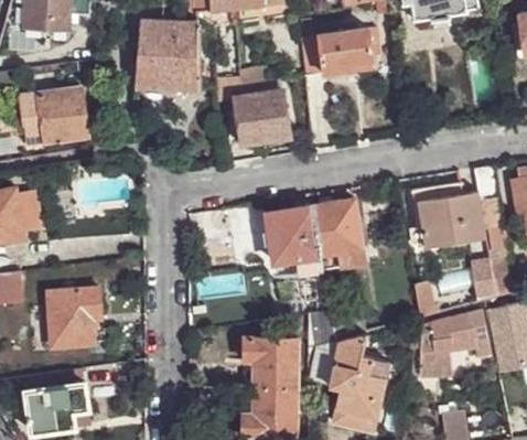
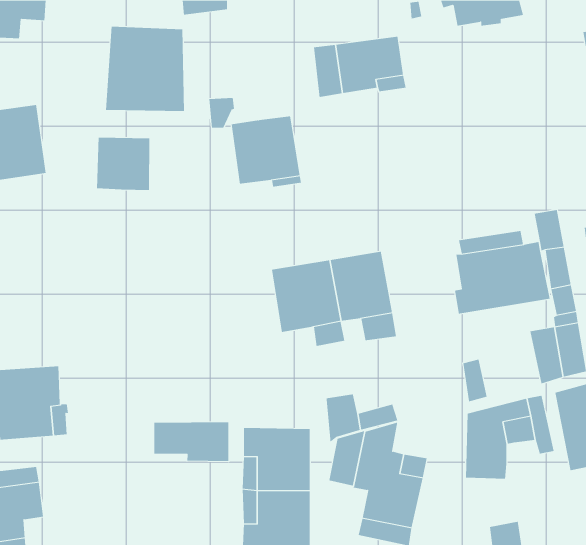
building: none -> [96,137,150,191]
building: none -> [154,422,229,462]

